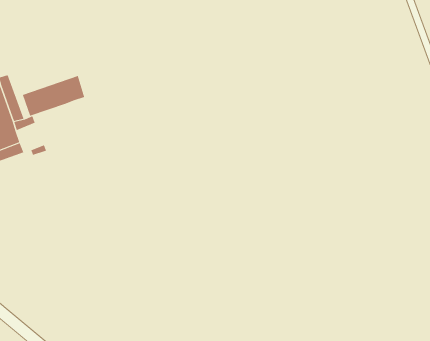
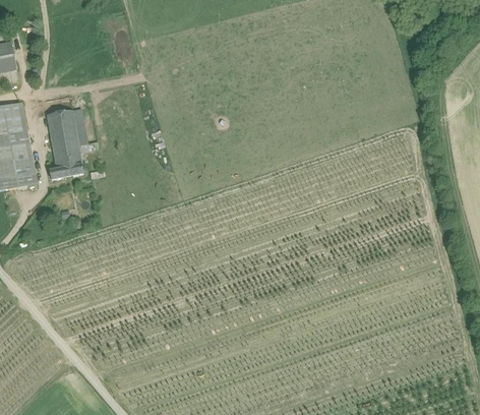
building: [22,75,85,116] -> none

